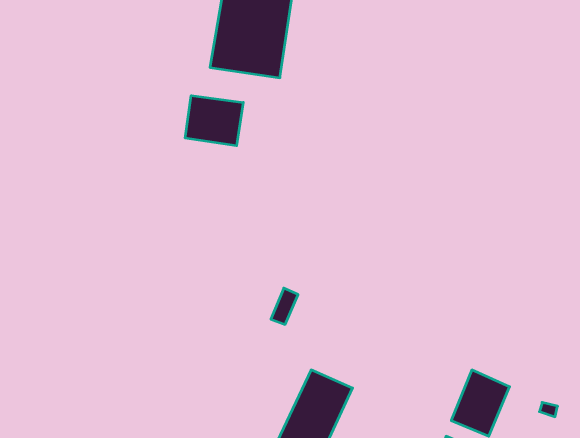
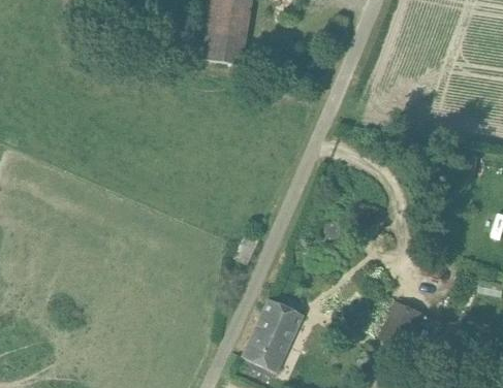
building: [185,96,243,146] -> none

